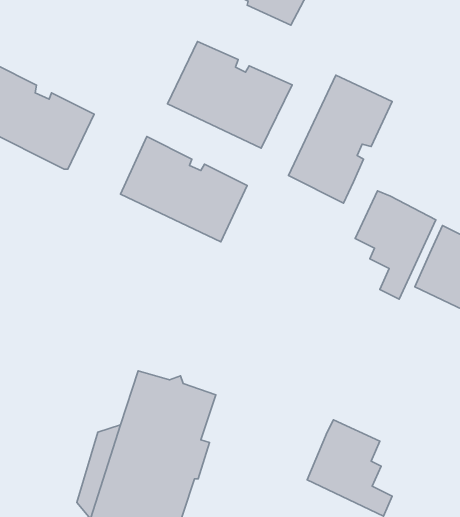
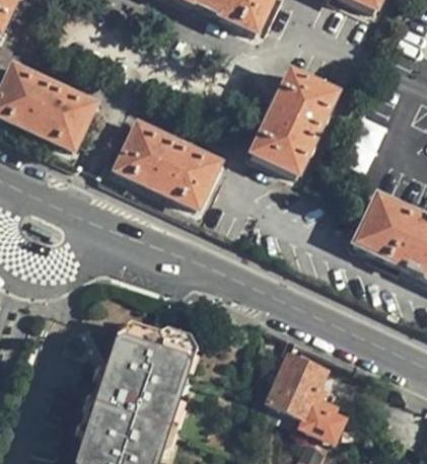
building: [168,41,292,148] -> none
building: [355,191,436,299] -> none

